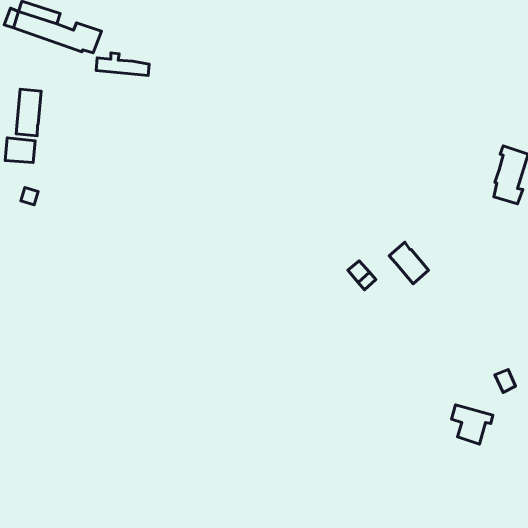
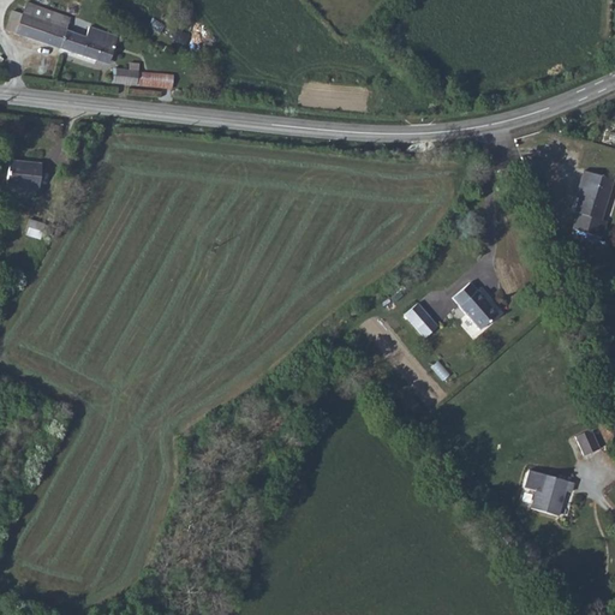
building: [16,89,41,136] -> none

